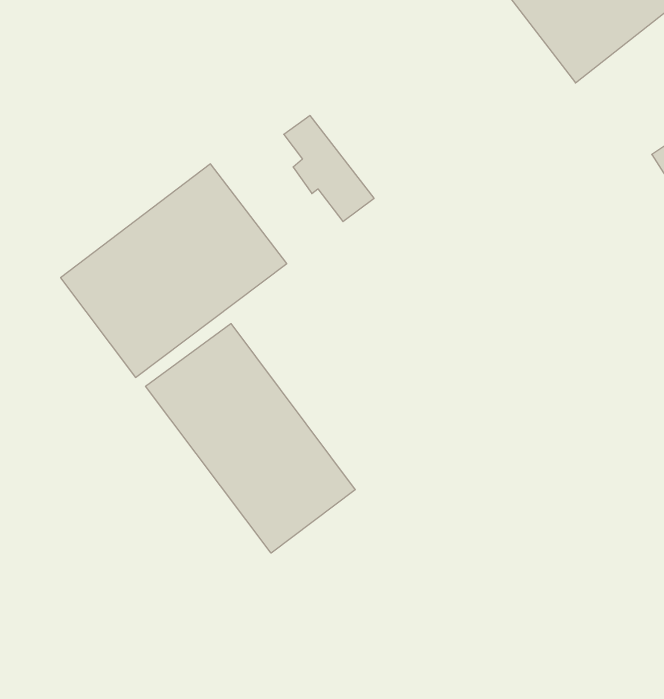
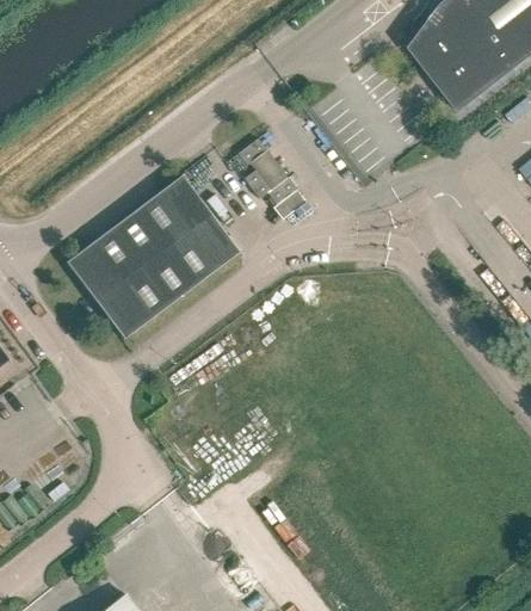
building: [146,324,355,553] -> none

